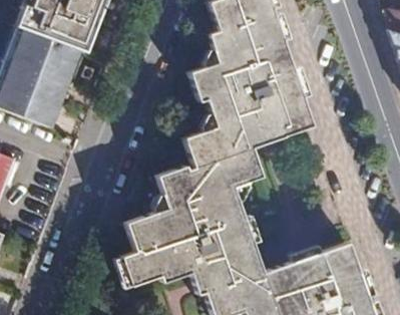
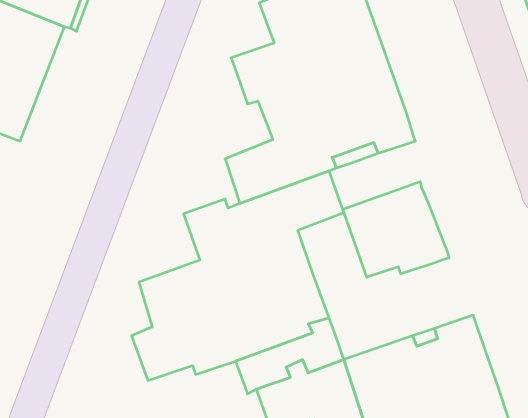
building: none -> [343,182,449,277]

